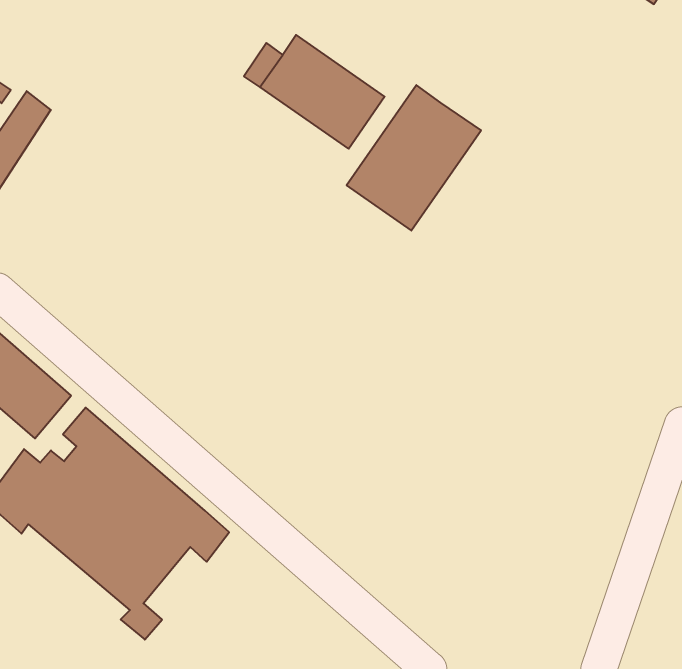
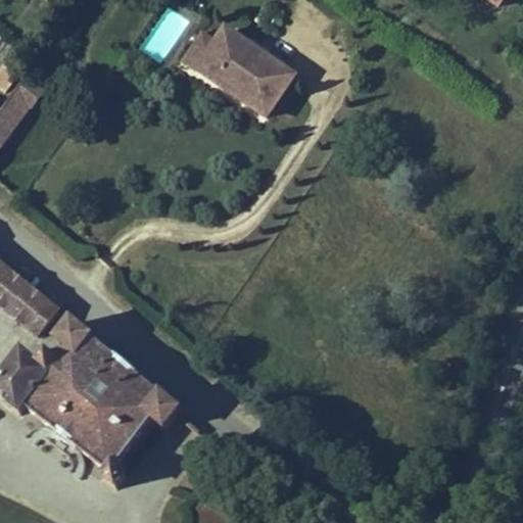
building: [347,85,481,231] -> none

